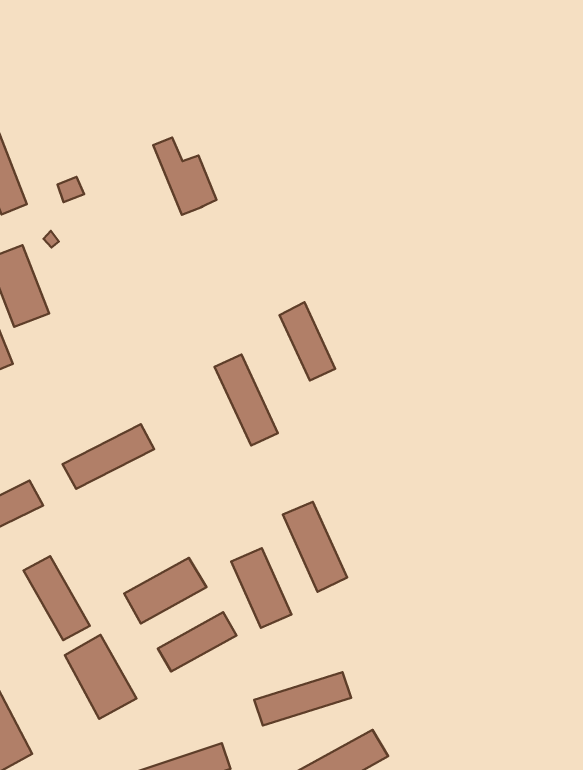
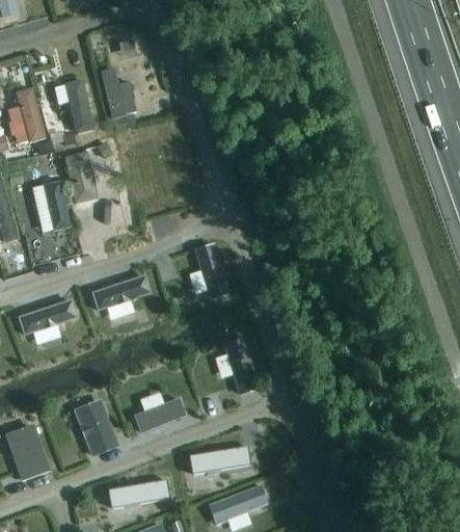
building: [153,138,217,215] -> [102,69,136,117]
building: [280,302,335,381] -> none
building: [231,548,291,628] -> none
building: [23,556,90,640] -> none
building: [124,558,206,624] -> none

